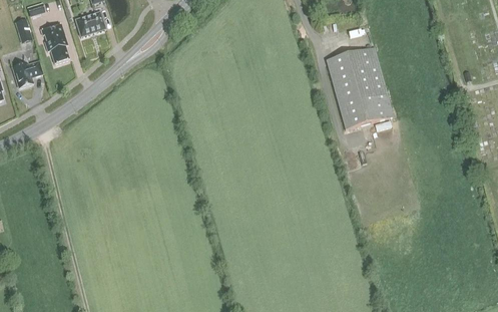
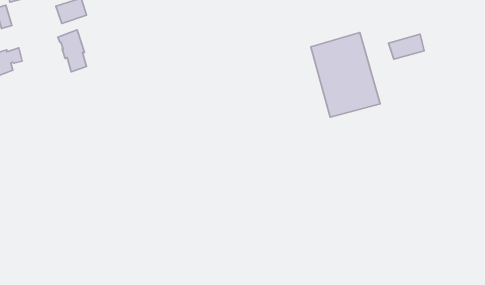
building: [41,22,69,63] -> [58,30,87,72]
building: none -> [389,34,424,59]

